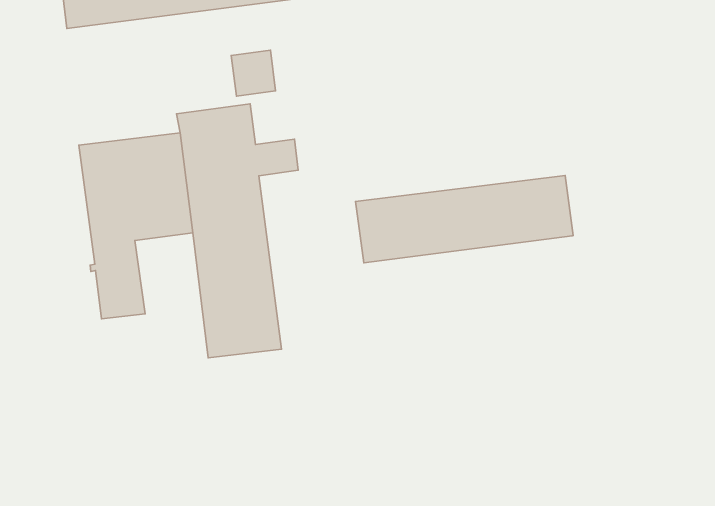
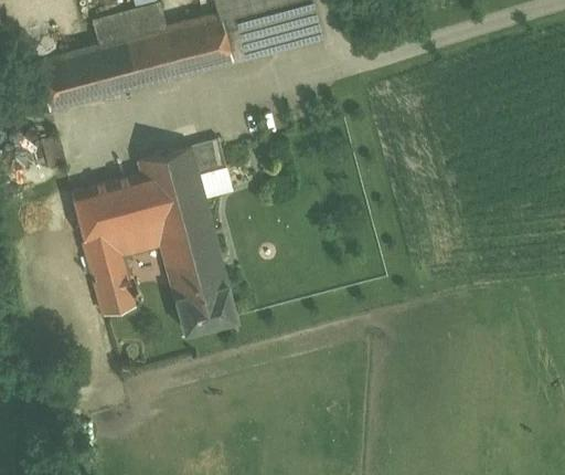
building: [231,50,276,96] -> [190,138,225,175]
building: [355,175,573,263] -> none

